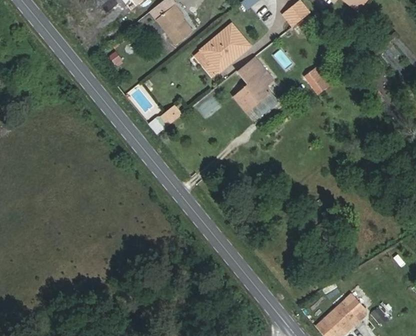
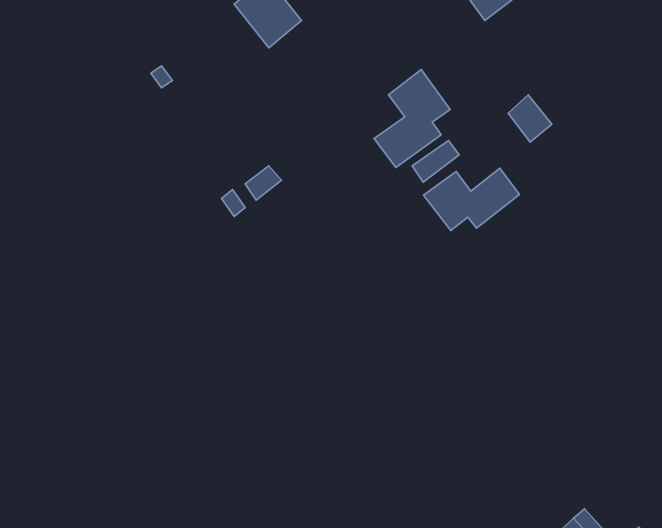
building: [194,22,249,74] -> none
building: none -> [423,168,520,231]

